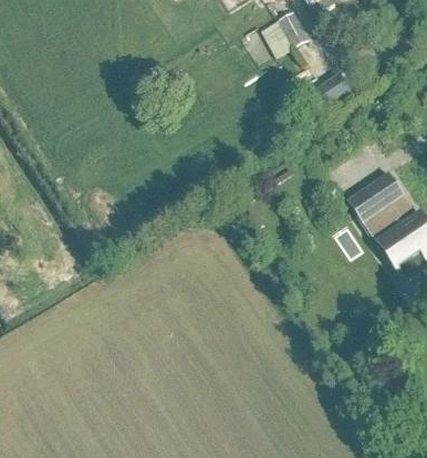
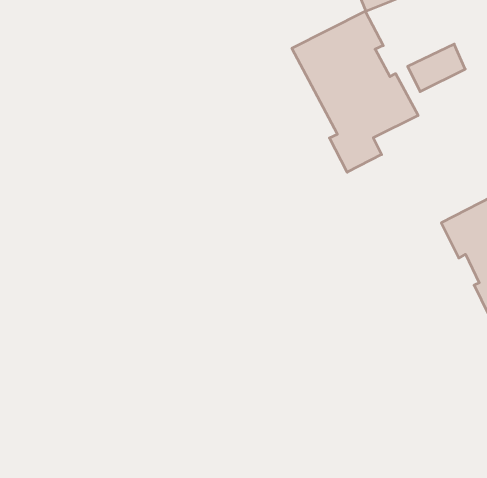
building: none -> [292,11,418,172]

